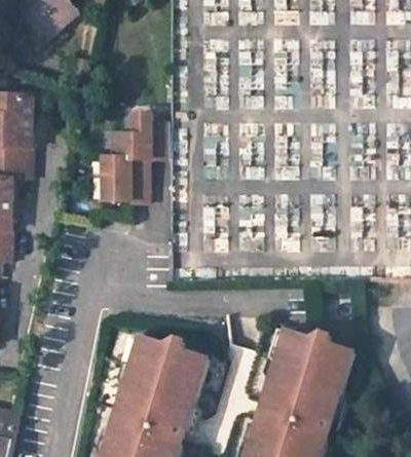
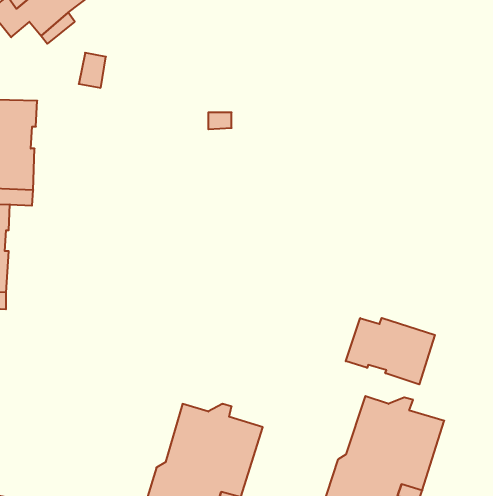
building: [101,112,166,200] -> none
building: none -> [346,318,435,384]

